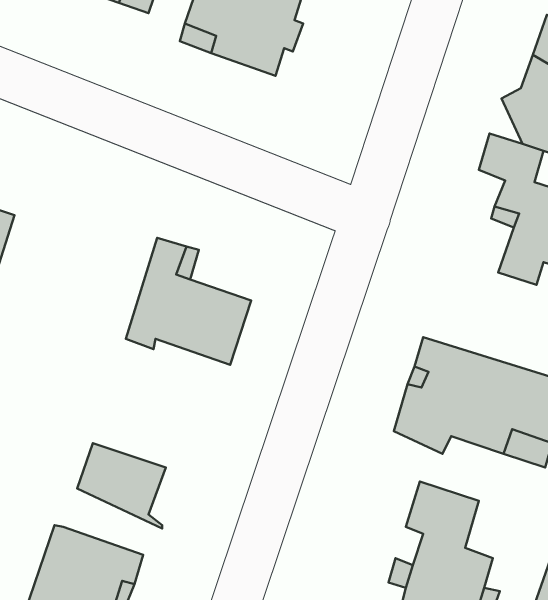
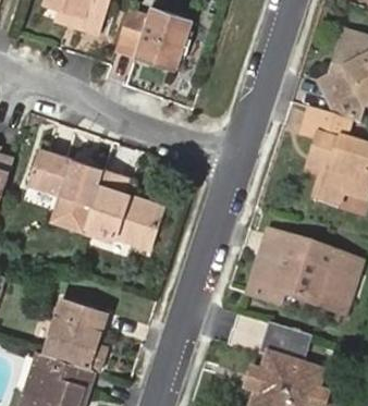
building: none -> [25,150,102,235]
building: none -> [44,329,106,371]

